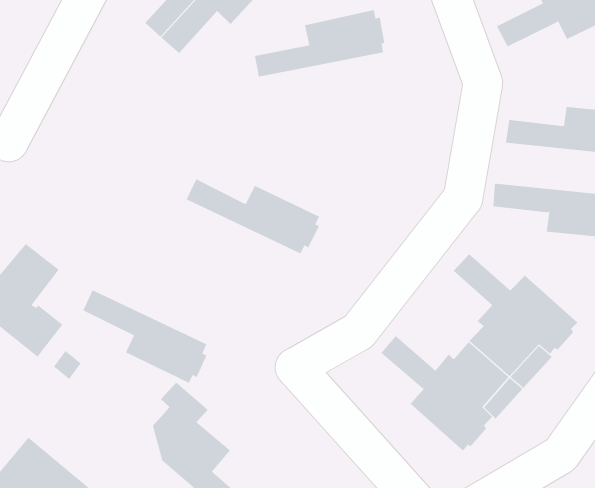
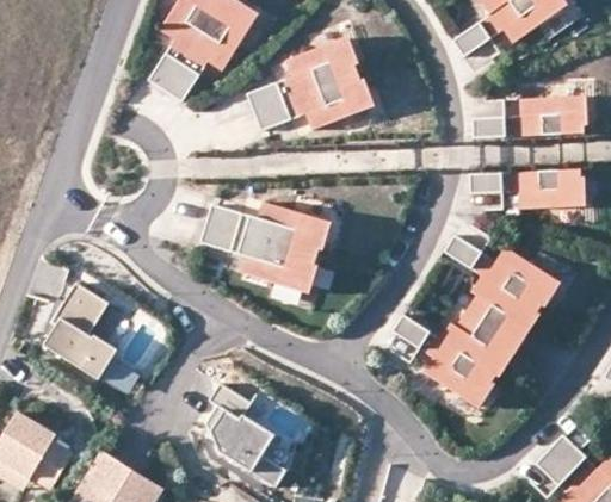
building: none -> [255,75,374,131]
building: [82,290,207,384] -> [202,224,314,293]

